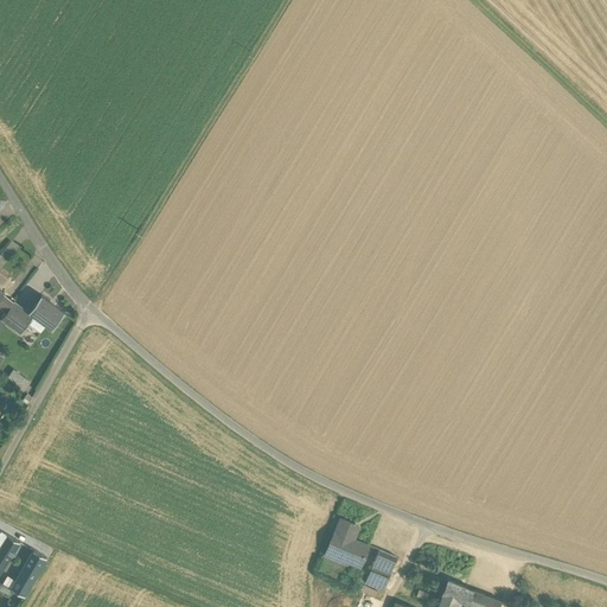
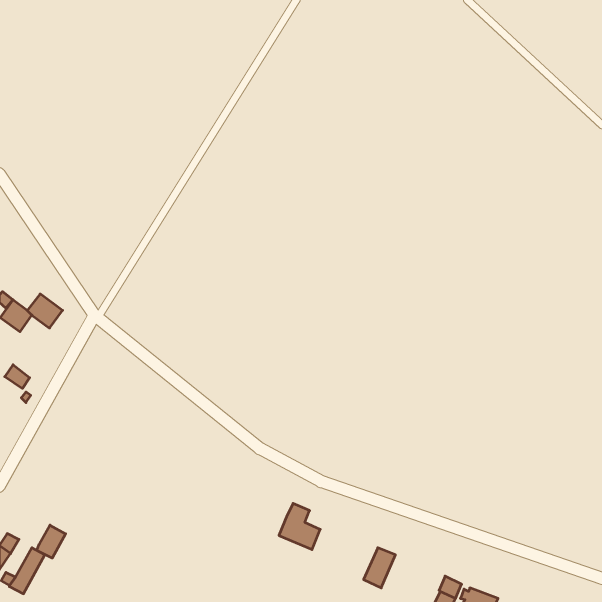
building: [326,520,368,567] -> [279,503,320,550]
building: none -> [37,525,66,558]

